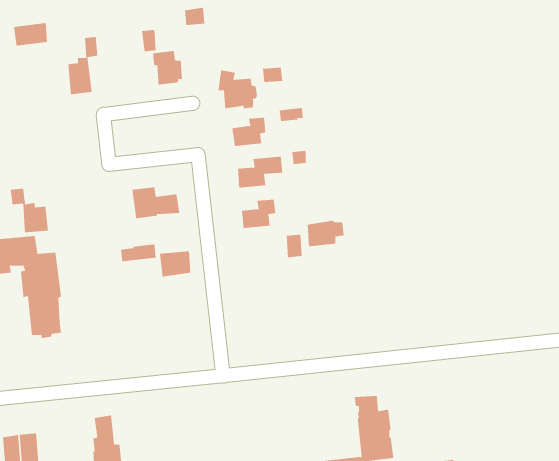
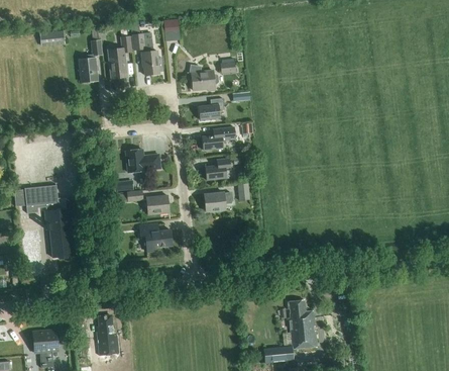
building: none -> [108,35,131,78]
building: [10,188,48,233] -> none
building: [307,220,344,247] -> [204,191,231,210]
building: none -> [139,222,173,251]

